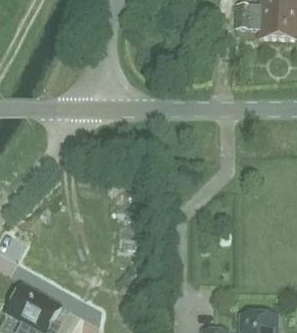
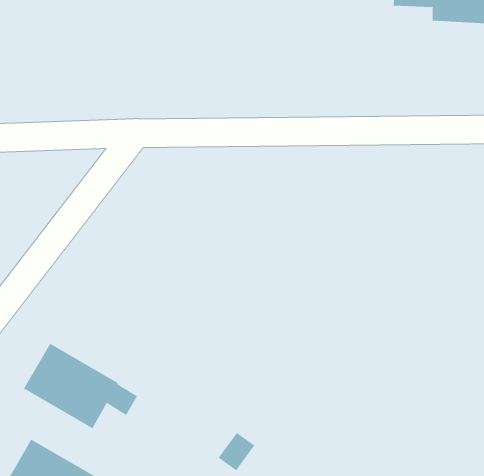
building: none -> [23,343,138,429]

